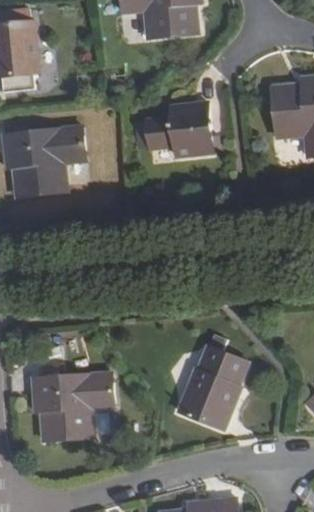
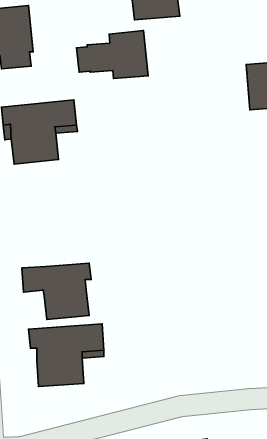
building: [134,102,213,155] -> [76,30,148,79]
building: none -> [22,263,91,320]
building: [178,346,247,431] -> none

